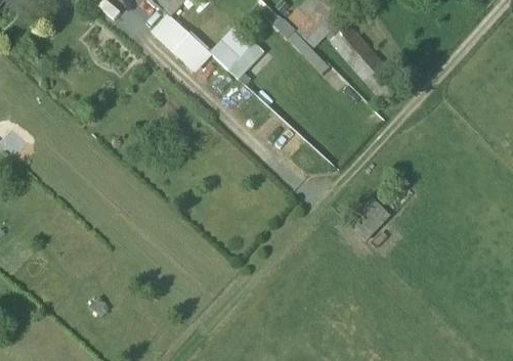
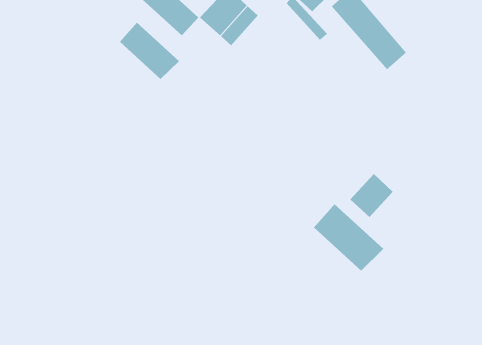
building: none -> [119,22,180,80]
building: none -> [313,203,384,272]

